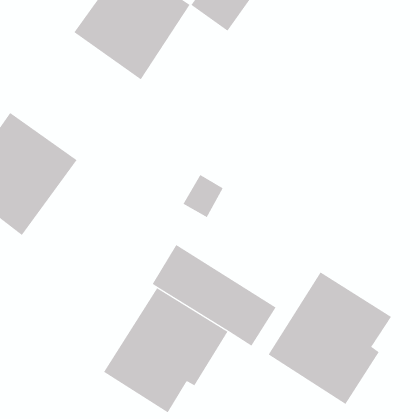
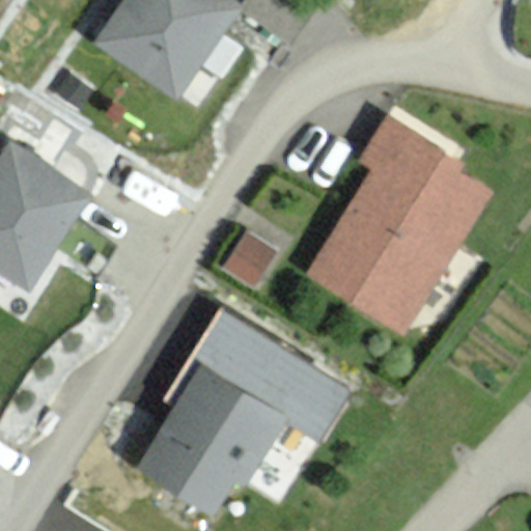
building: none -> [304,112,495,337]
building: [268,271,392,405] -> none

